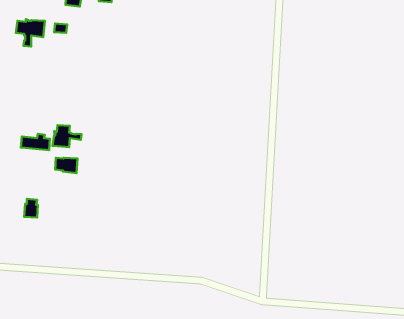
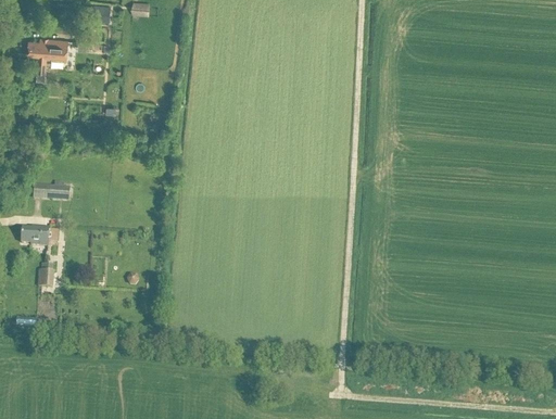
building: [53,125,81,147] -> none
building: [55,158,77,173] -> [21,228,49,247]

